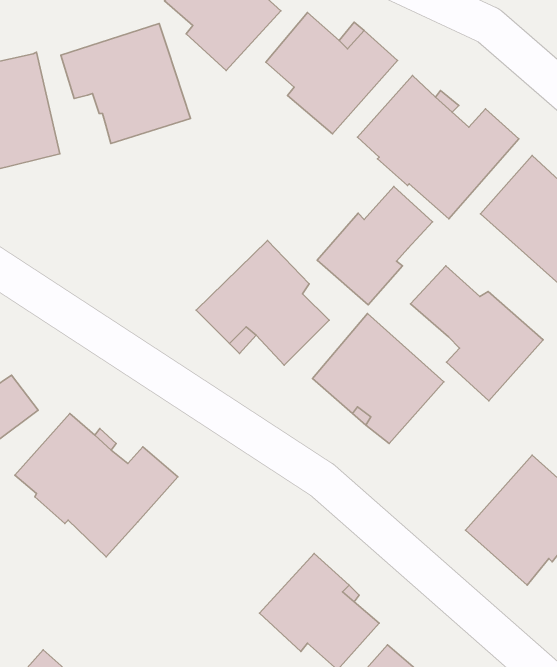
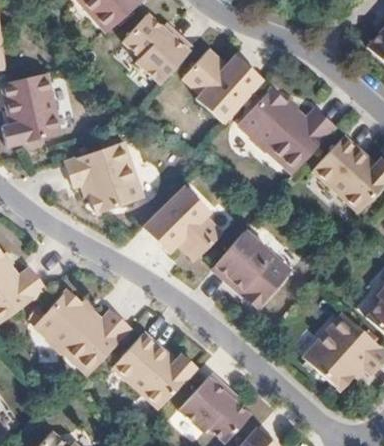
building: [61,24,191,144] -> [63,141,141,213]
building: [317,187,432,305] -> none
building: [411,266,543,401] -> none
building: none -> [113,333,197,408]

